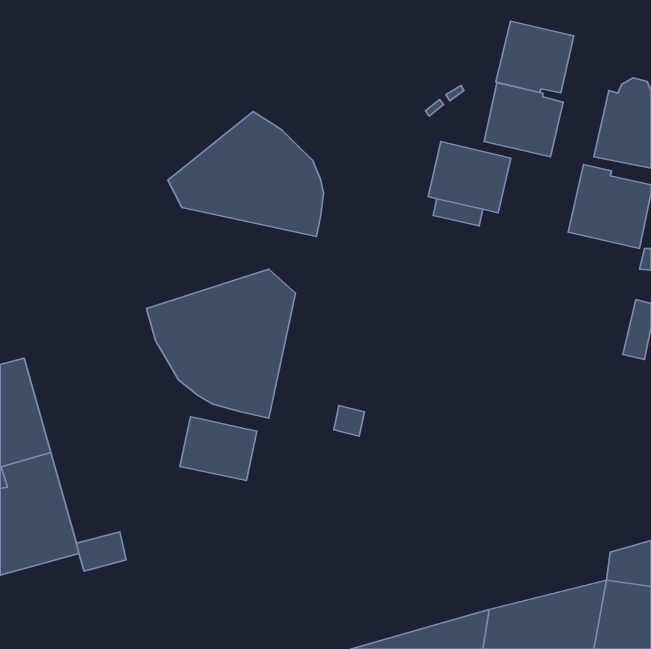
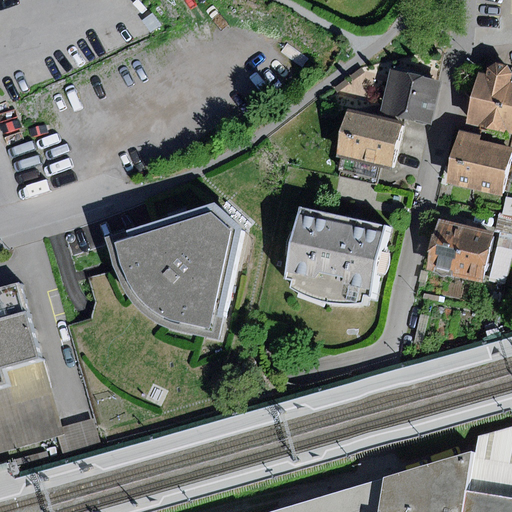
building: [496,21,574,93] -> none
building: [168,112,324,236] -> none
building: none -> [284,205,386,303]
building: none -> [427,219,493,281]
building: [180,417,257,481] -> none

